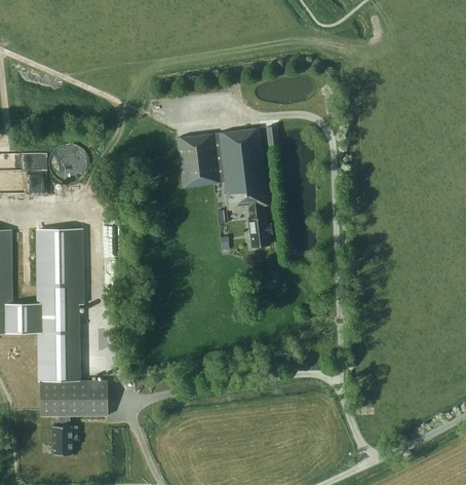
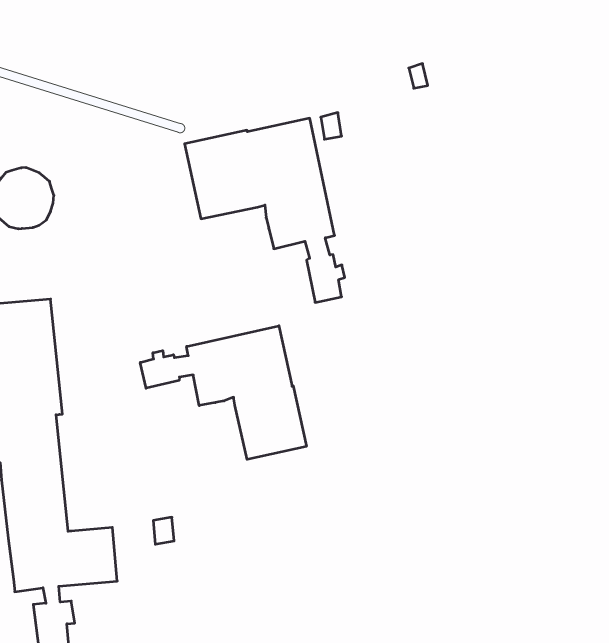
building: none -> [140,326,306,459]

